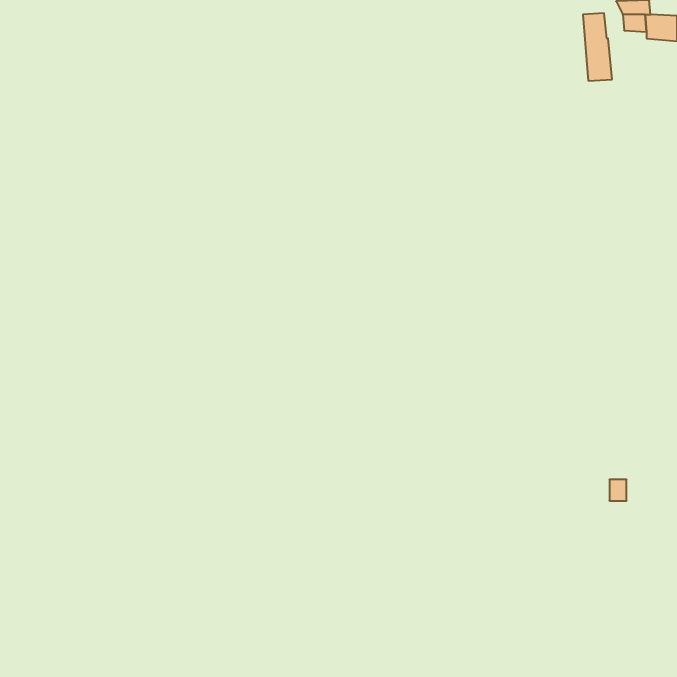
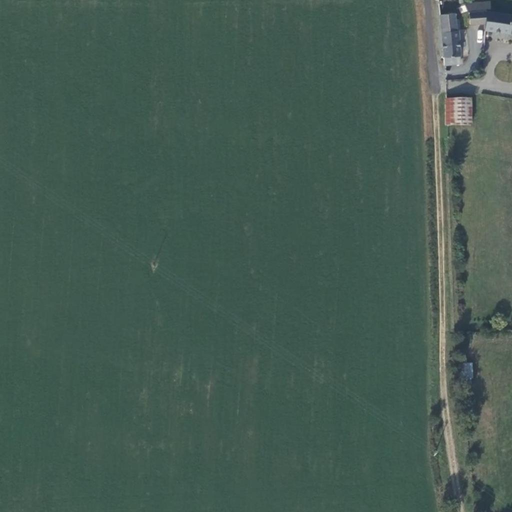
building: none -> [446,98,472,124]

